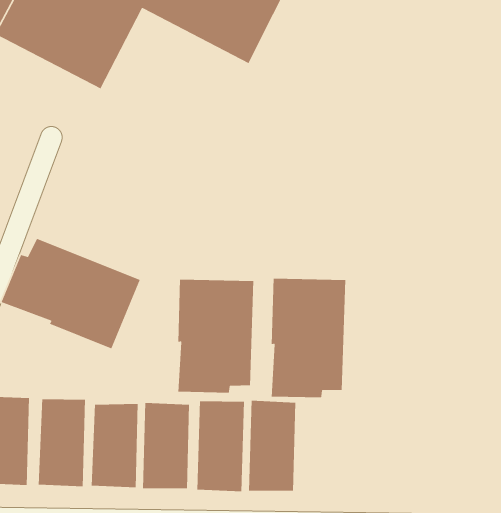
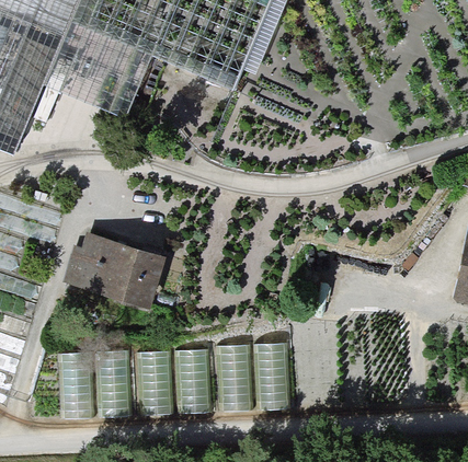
building: [271,278,346,398] -> none
building: [177,279,254,393] -> none

